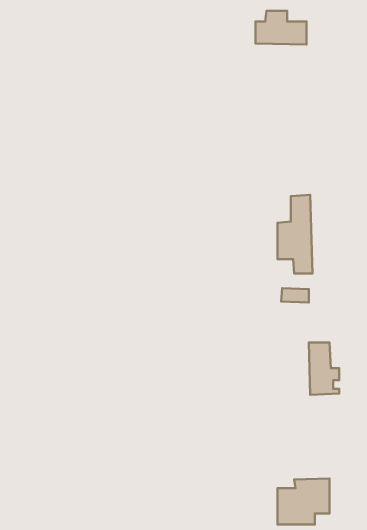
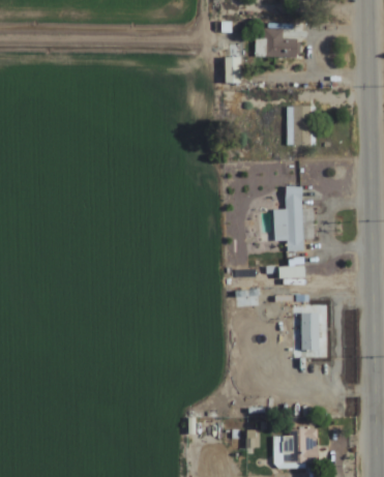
building: none -> [224,56,241,82]
building: none -> [287,106,312,145]

